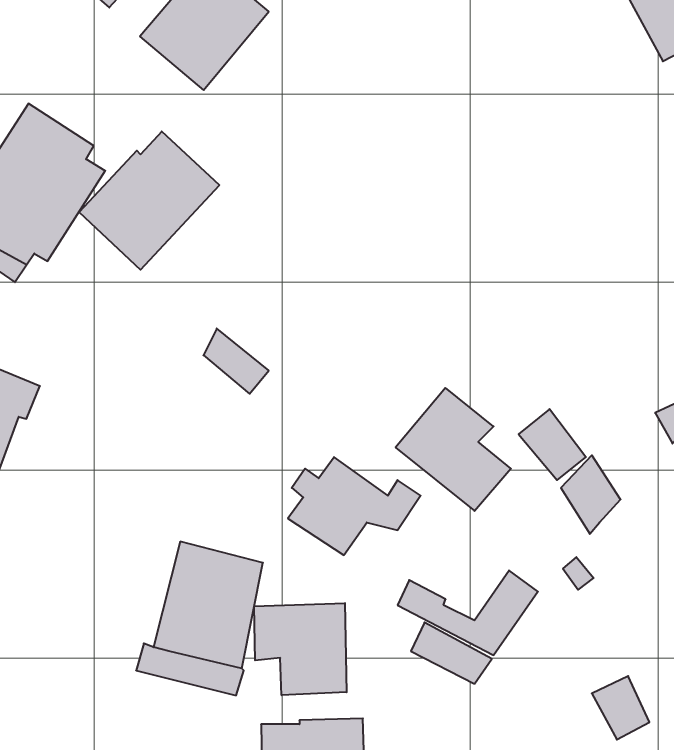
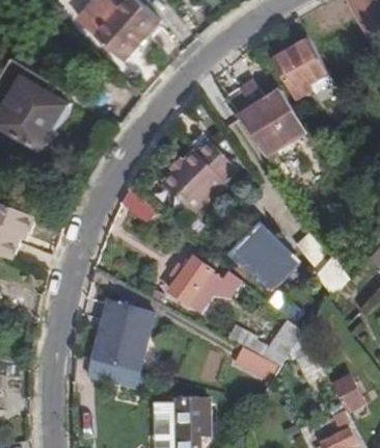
building: none -> [273,33,337,101]
building: [79,131,219,270] -> [163,139,239,214]
building: none -> [225,87,303,174]
building: [254,603,347,695] -> none

